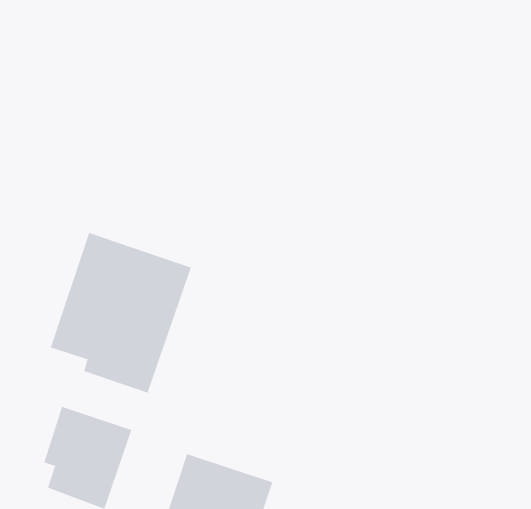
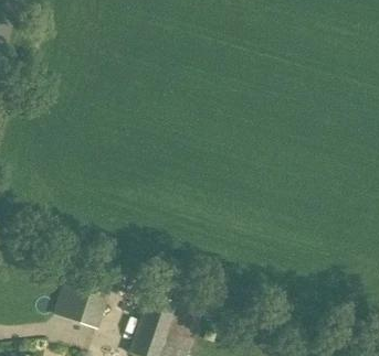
building: [50,232,192,394] -> none

